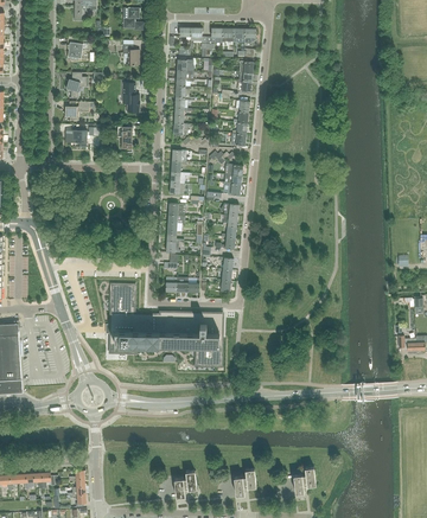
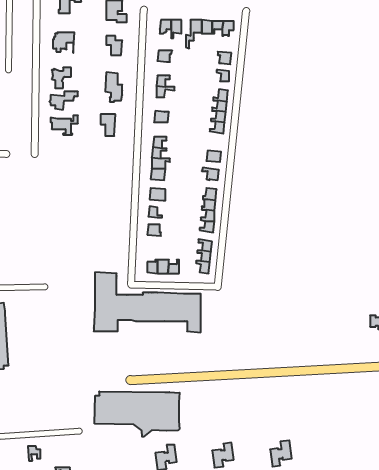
building: none -> [95,391,180,437]

